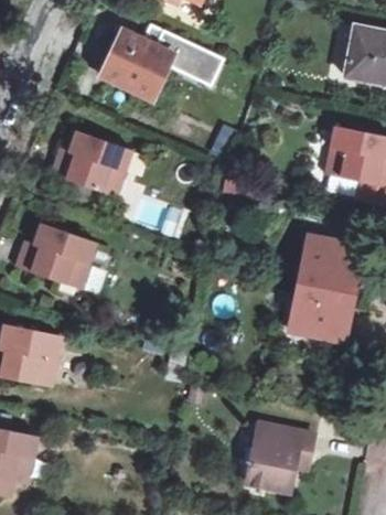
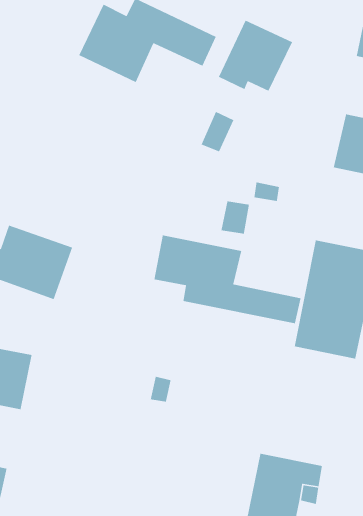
building: none -> [218,19,293,92]
building: [51,130,132,196] -> none
building: none -> [154,234,301,324]

